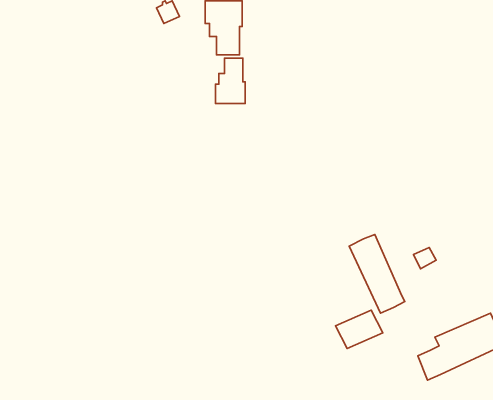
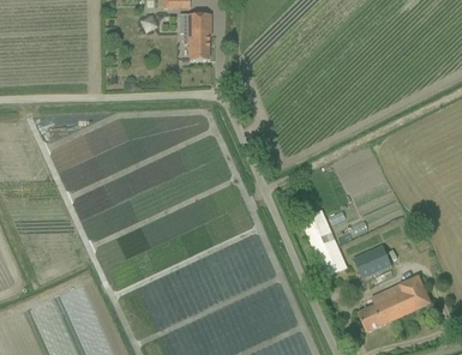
building: [215,58,245,103] -> none
building: [336,310,383,349] -> [352,245,391,277]

